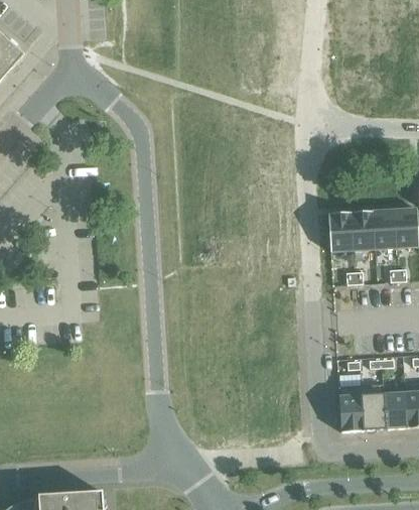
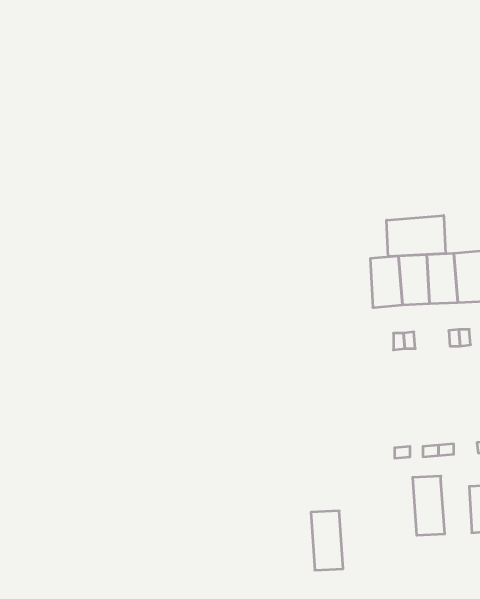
building: none -> [387,215,445,257]
building: [339,384,365,430] -> [311,511,343,570]
building: [384,386,408,428] -> none

